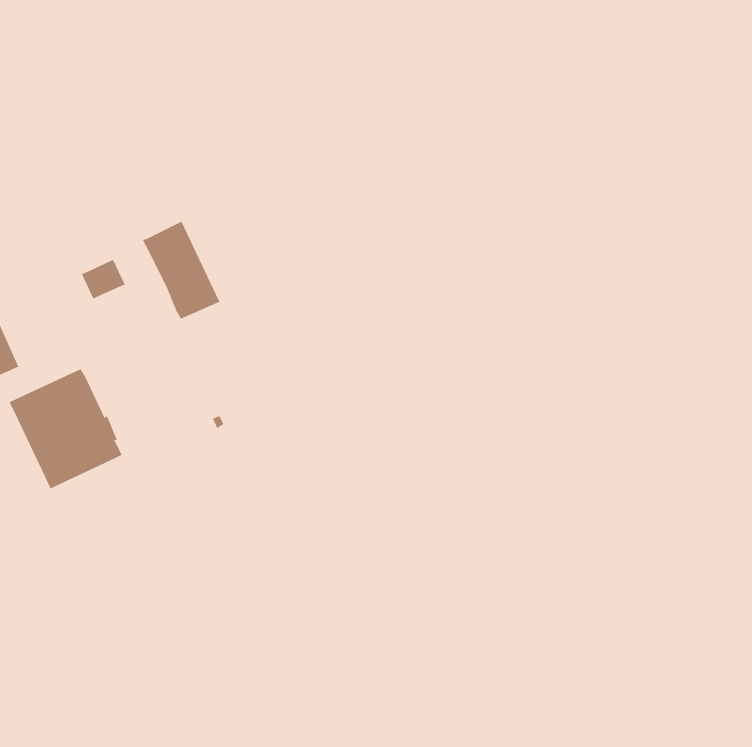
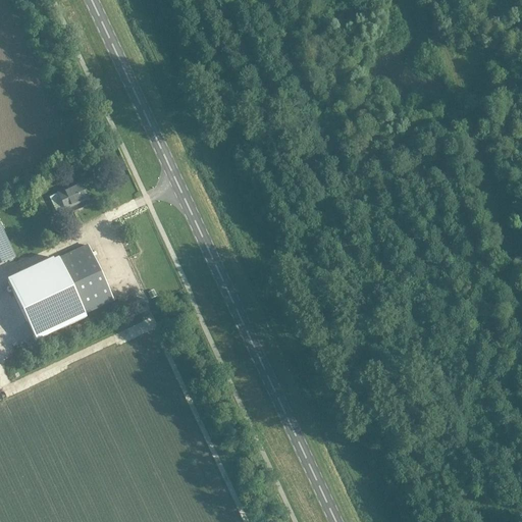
building: [142,221,220,319] -> [58,242,112,310]

